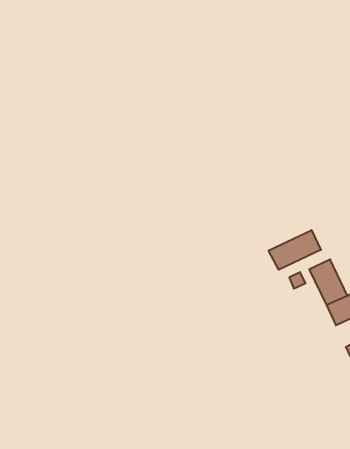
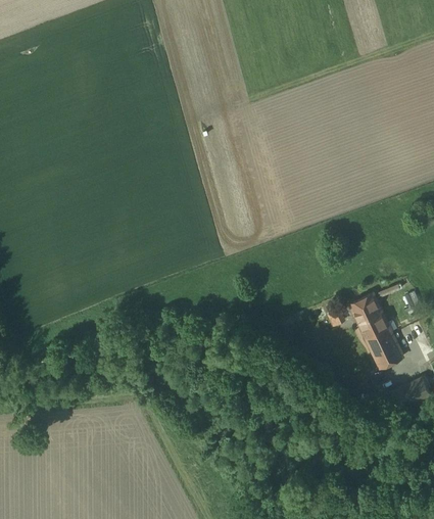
building: [269,230,321,270] -> none

